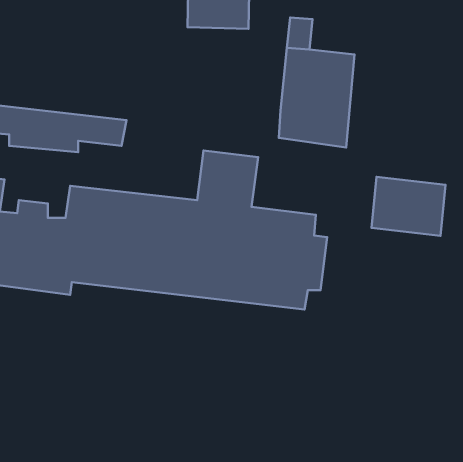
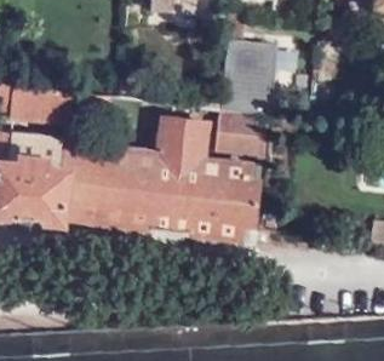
building: [372,177,445,236] -> [214,113,270,157]

